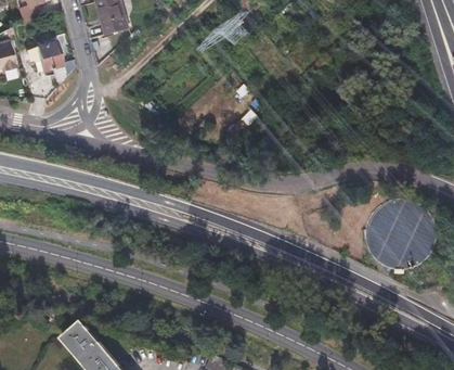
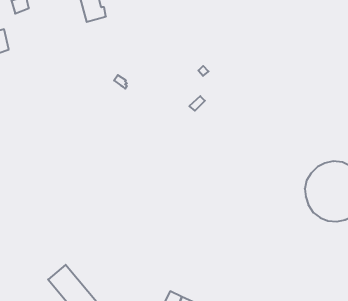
building: [26,39,62,68] -> none

